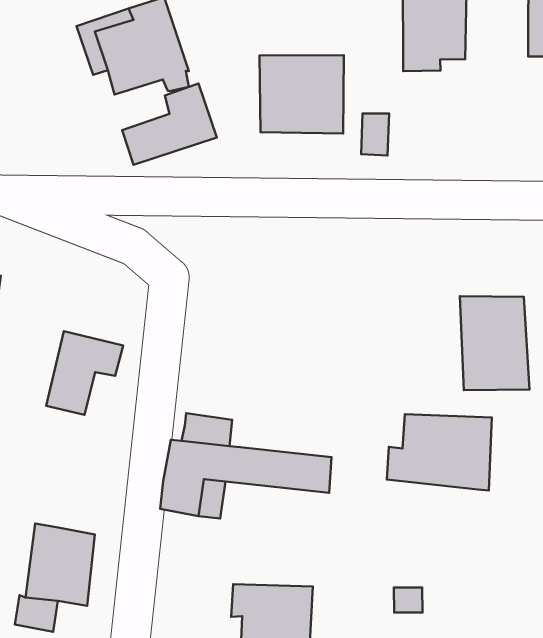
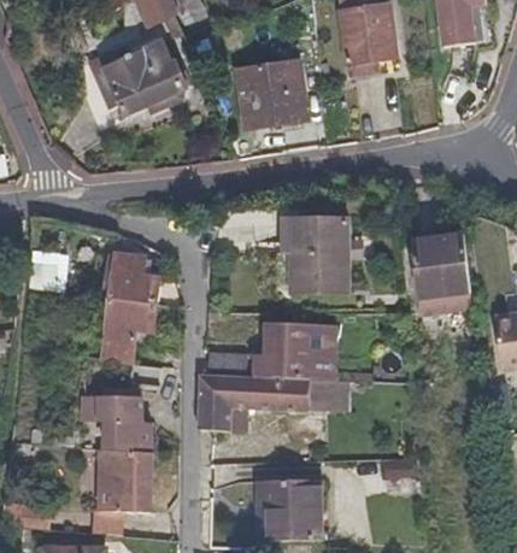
building: [122,83,217,165] -> none
building: none -> [288,213,346,289]
building: none -> [108,254,158,306]
building: [387,414,492,491] -> [253,318,334,375]
building: none -> [104,394,151,454]

